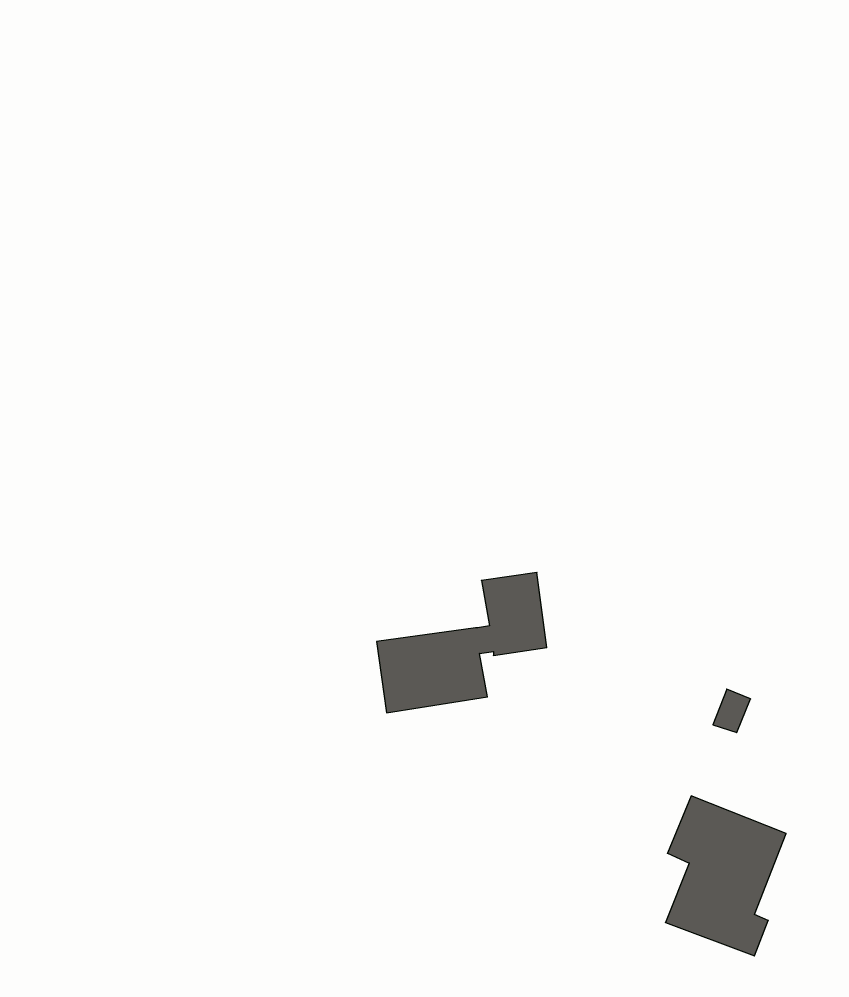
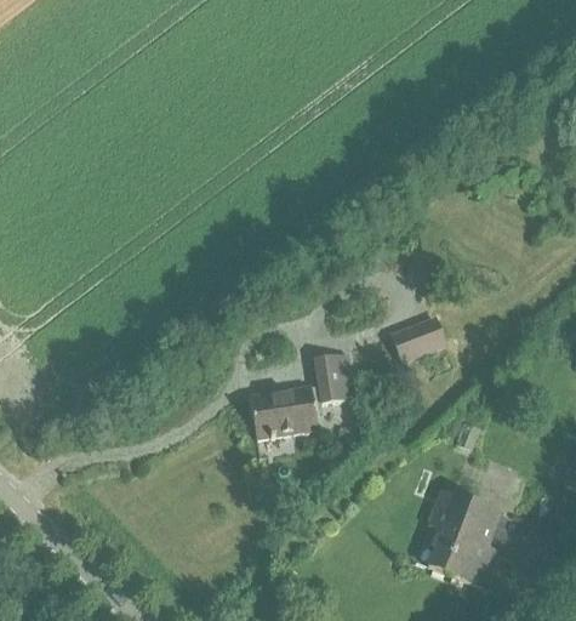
building: none -> [392,317,447,363]

